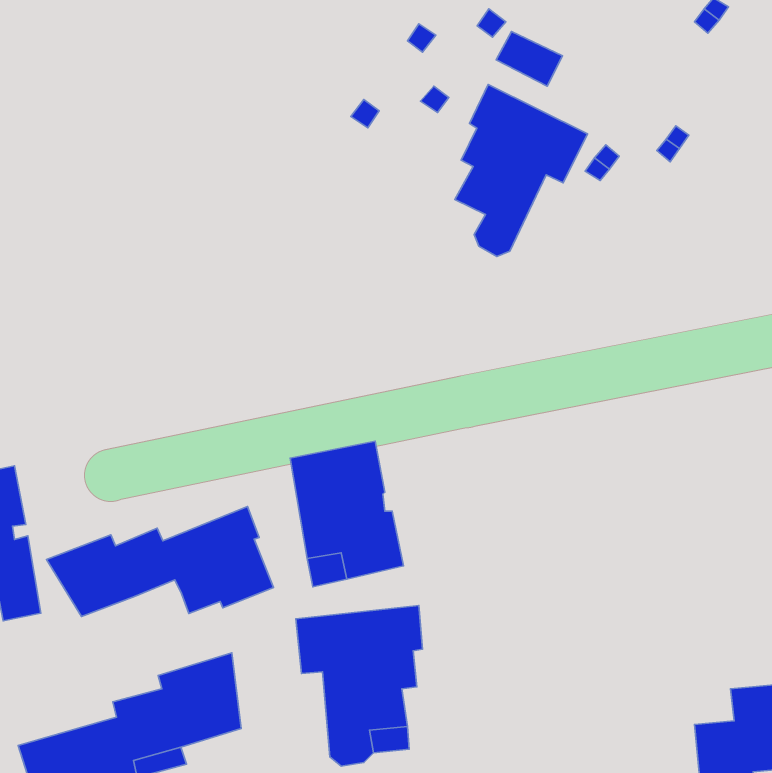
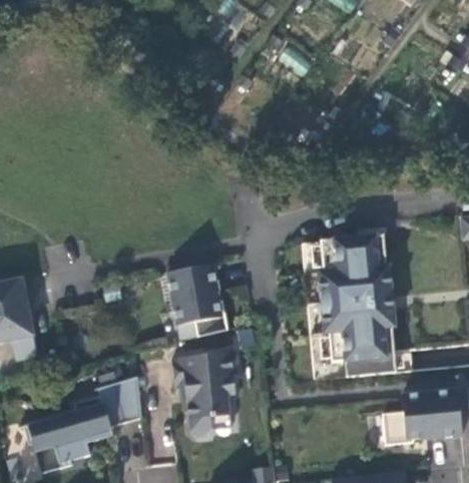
building: [455,84,587,256] -> none
building: none -> [319,235,396,378]
building: [47,506,274,617] -> none

